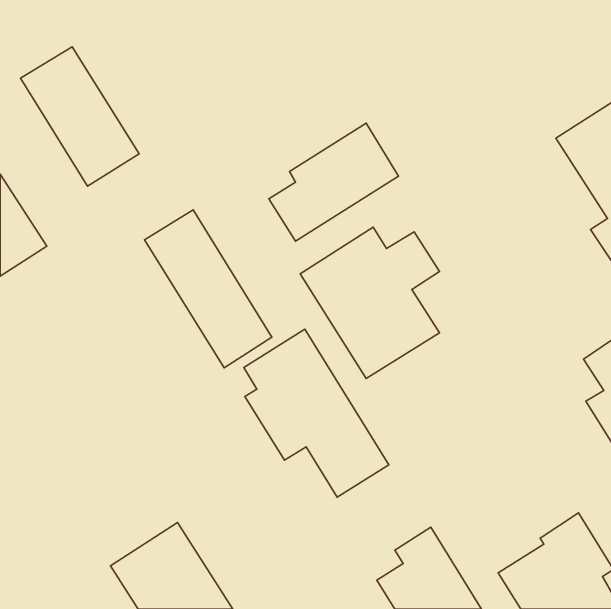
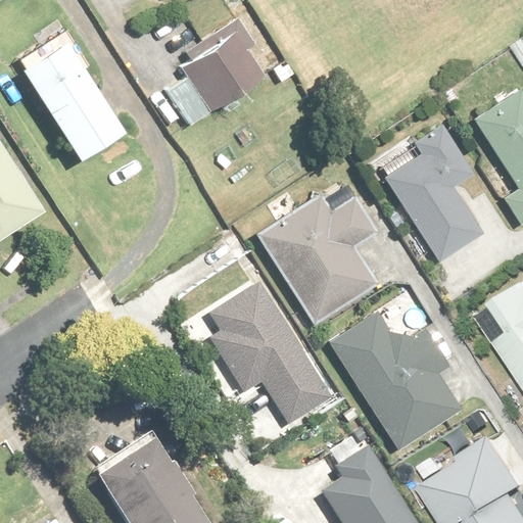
building: [269,123,399,241] -> [167,23,277,124]
building: none -> [386,123,484,260]
building: [144,210,272,368] -> none
building: none -> [331,313,460,448]

